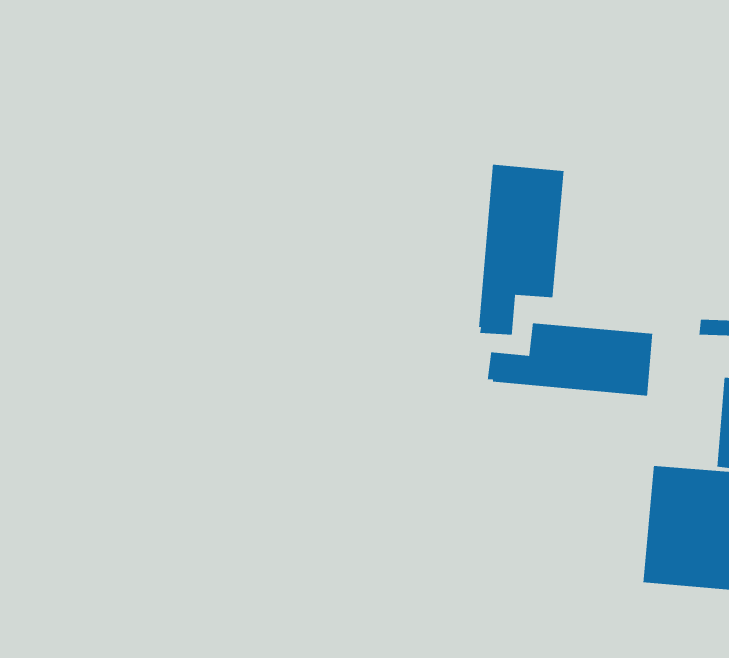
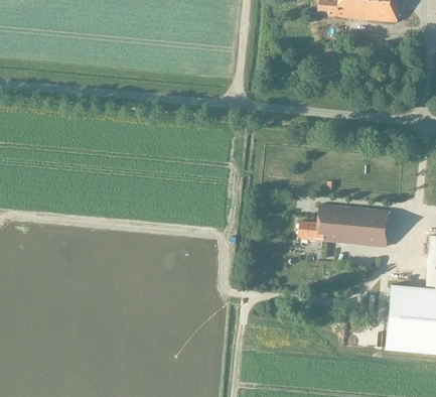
building: [478,164,565,335] -> none

